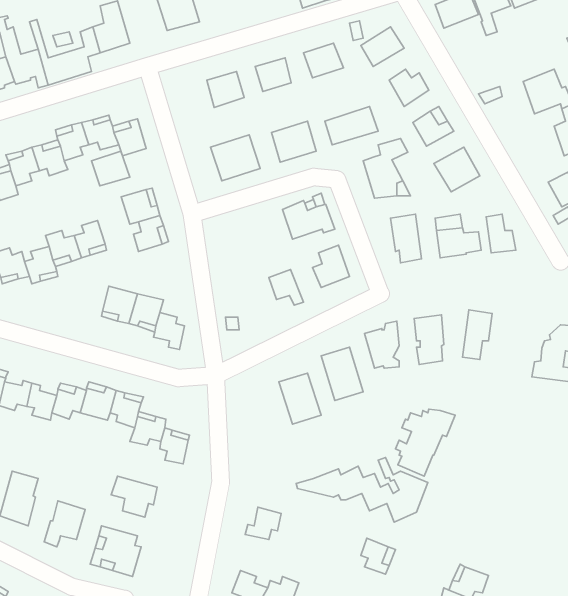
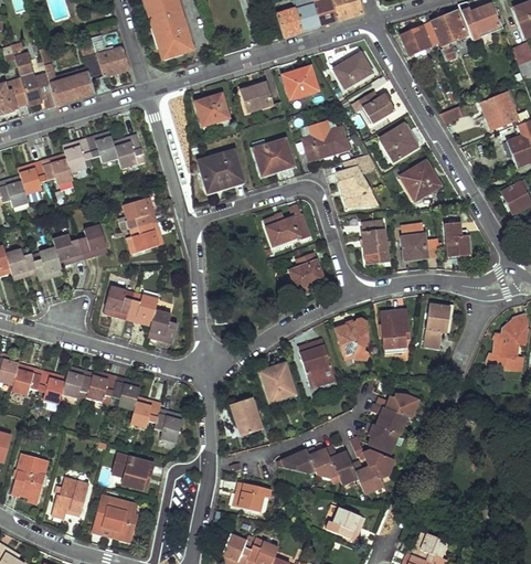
building: [91,151,130,186] -> none
building: [269,269,303,305] -> none
building: none -> [232,397,263,434]

